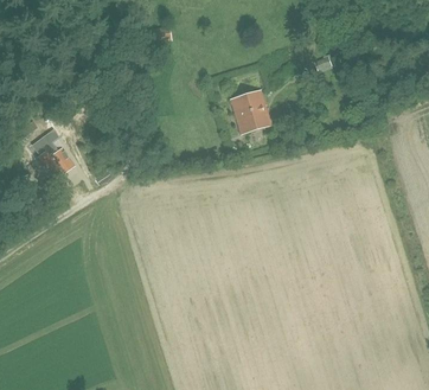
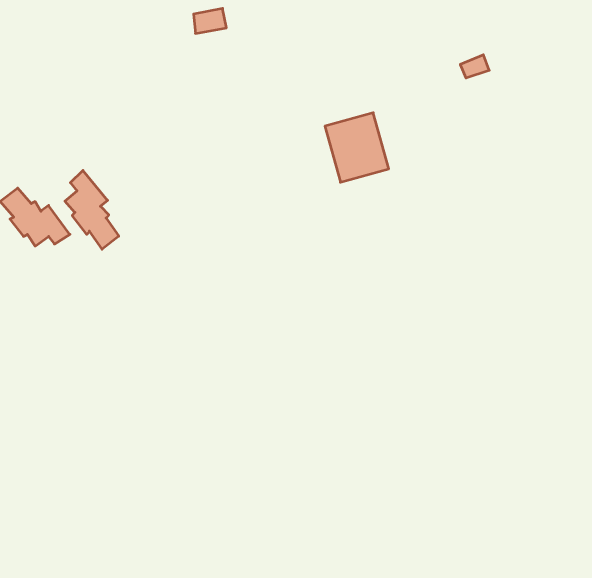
building: none -> [65,170,119,249]

